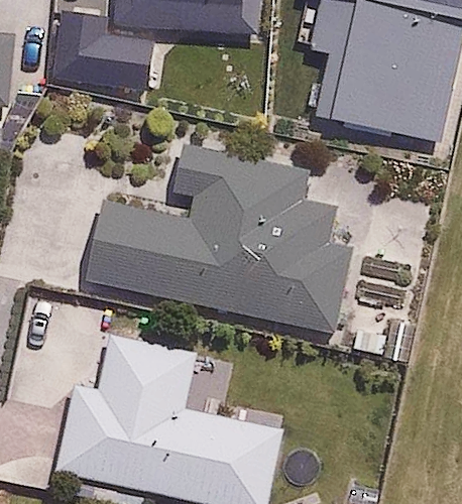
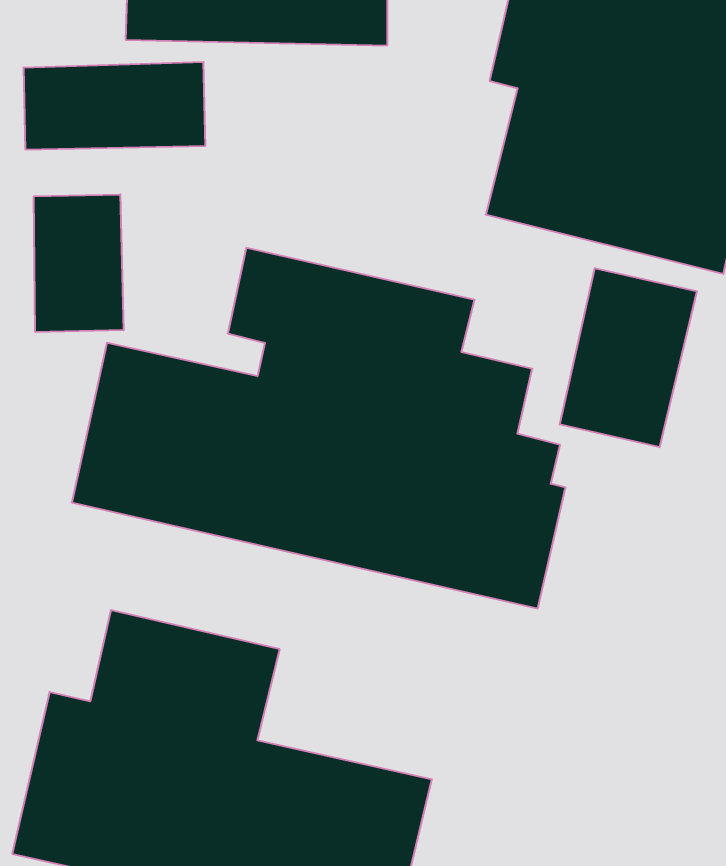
building: none -> [34,194,124,332]
building: none -> [560,268,697,447]

